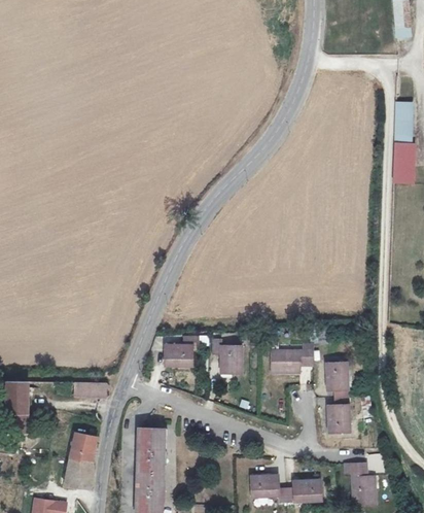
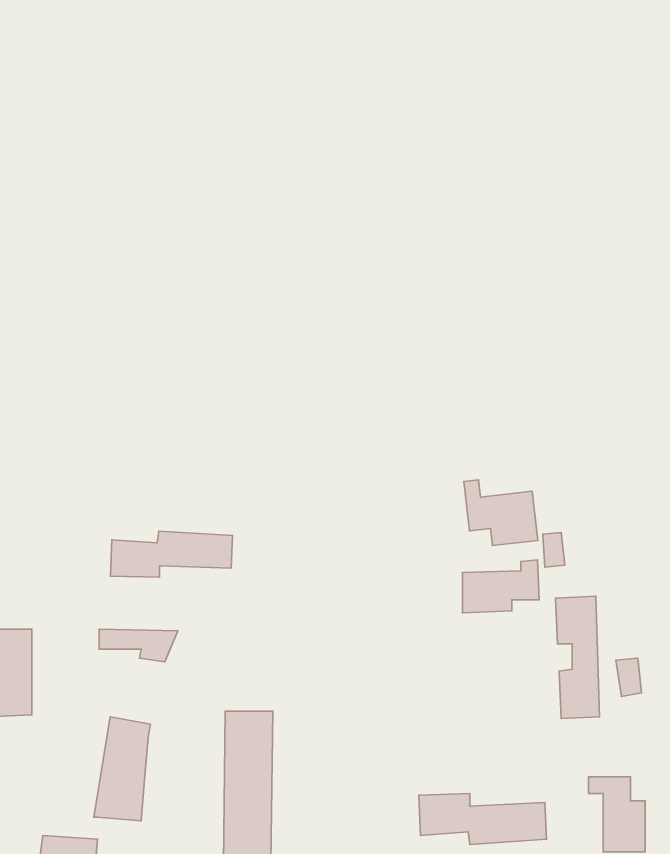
building: none -> [464,480,538,545]
building: none -> [111,531,232,577]
building: [165,339,199,367] -> none
building: [211,339,243,374] -> none

